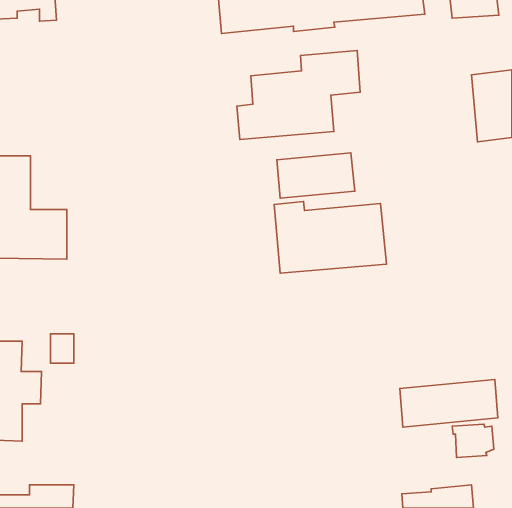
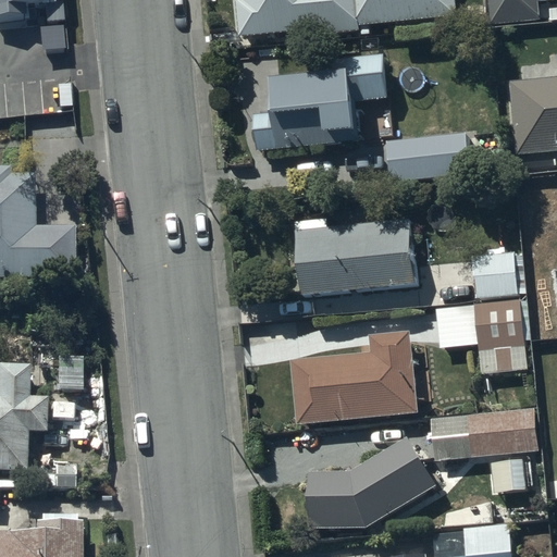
building: [277,153,355,198] -> [386,133,470,182]
building: none -> [435,251,533,371]
building: none -> [290,332,426,424]
building: none -> [309,437,437,529]

